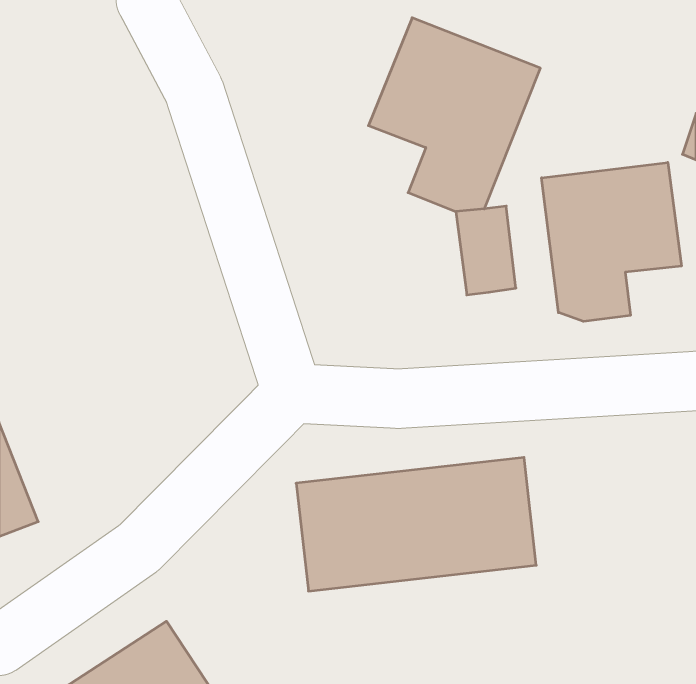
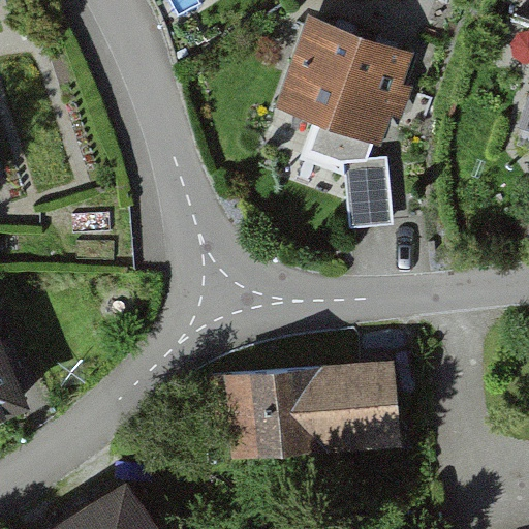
building: [542,162,681,321] -> none

